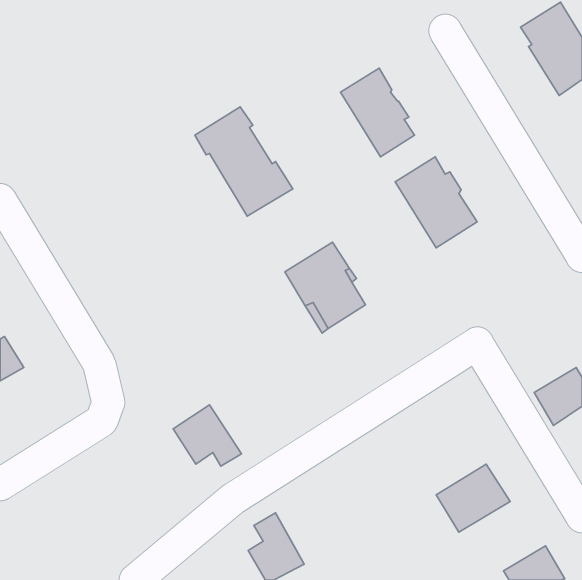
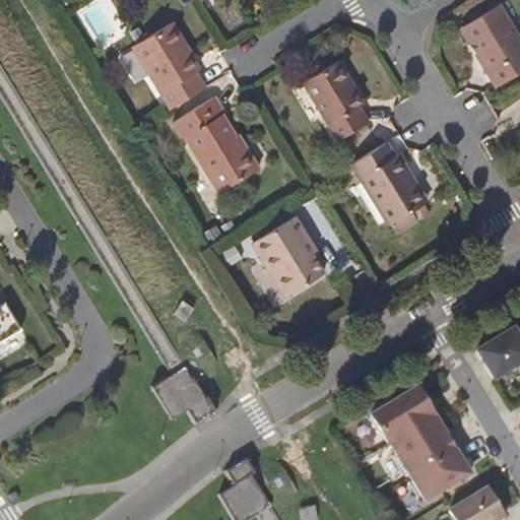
building: none -> [135,22,206,108]
building: none -> [371,387,434,443]
building: none -> [409,448,470,502]

